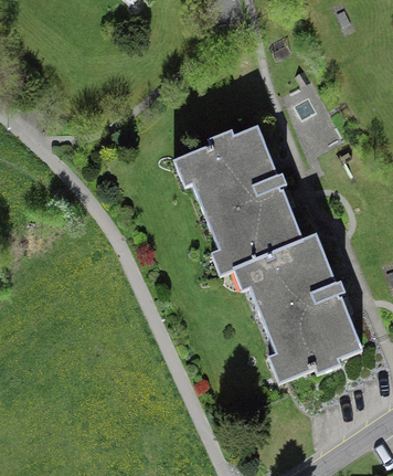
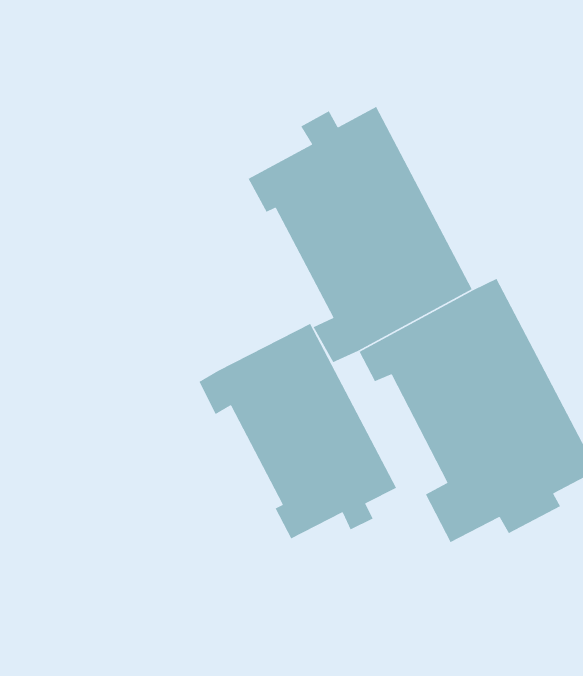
building: none -> [199,323,397,539]

